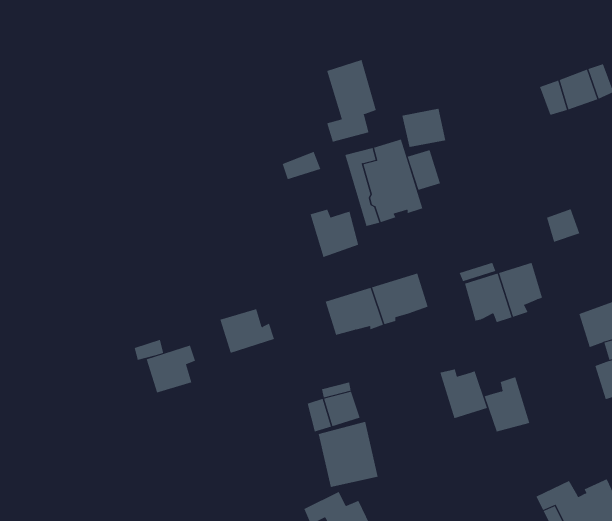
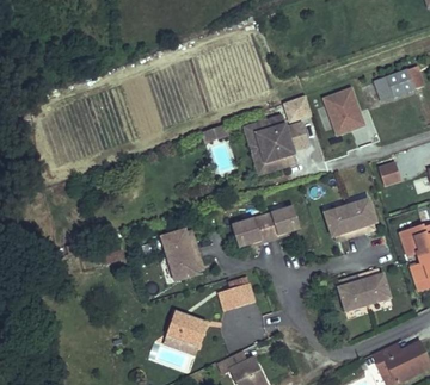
building: [327,59,377,142] -> none
building: none -> [324,88,364,135]
building: [310,209,359,258] -> none
building: [146,345,196,393] -> [167,249,201,281]
building: [440,369,488,419] -> [358,272,391,305]
building: none -> [166,311,208,347]

